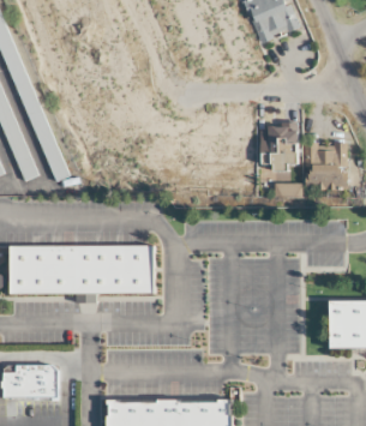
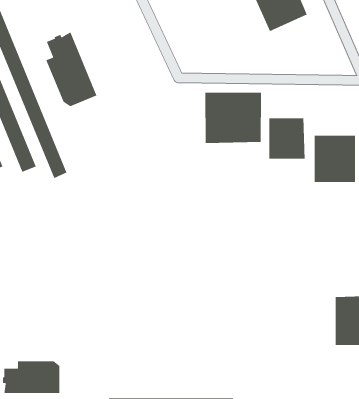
building: none -> [45,31,97,107]
building: none -> [204,92,262,144]
building: [10,246,152,293] -> none

